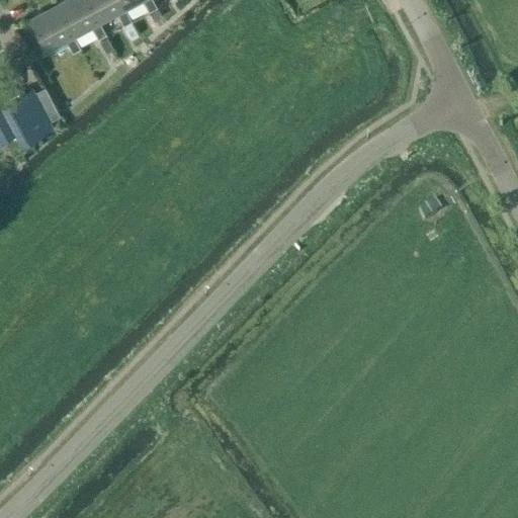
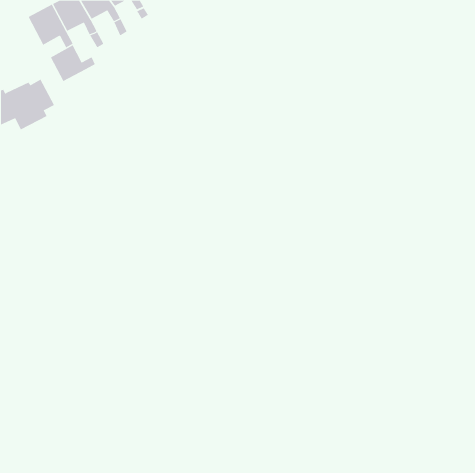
building: none -> [50,44,96,82]

